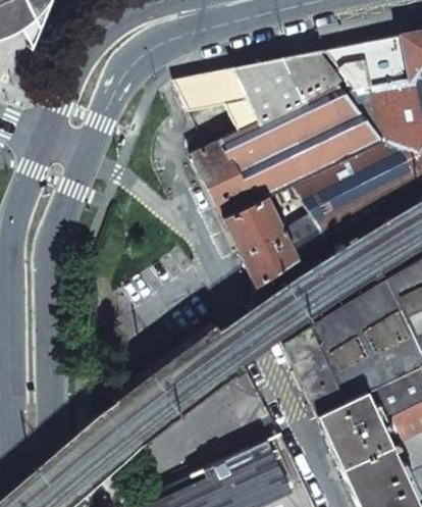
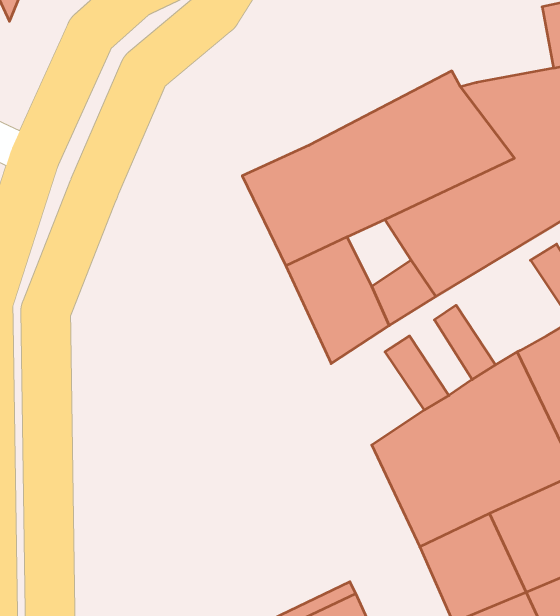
building: [327,35,411,88] -> none
building: [174,50,344,132] -> none
building: [356,216,406,275] -> none

